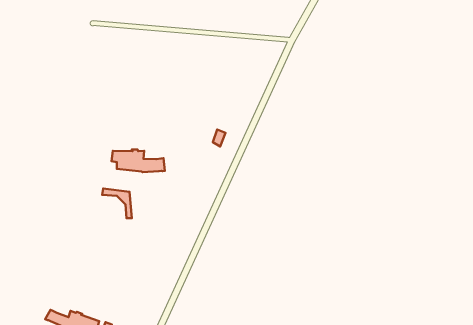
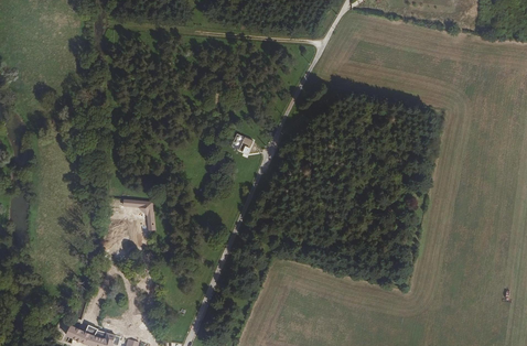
building: [111,149,165,172] -> none

